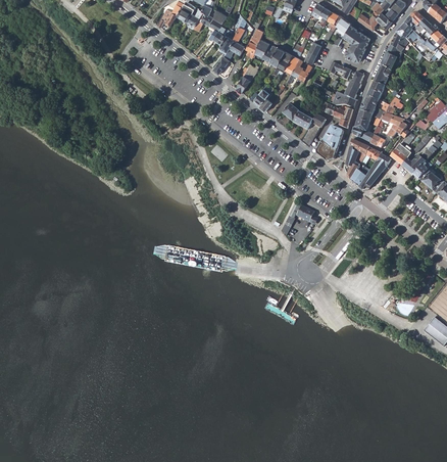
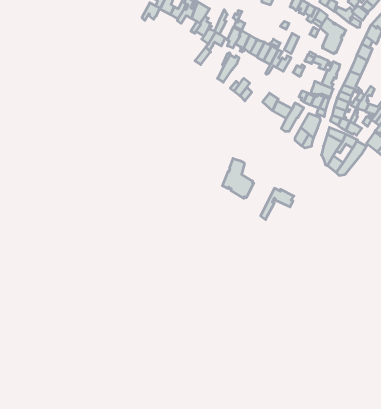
building: none -> [222,158,254,198]

